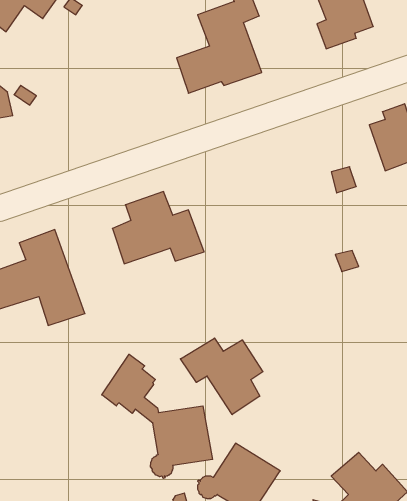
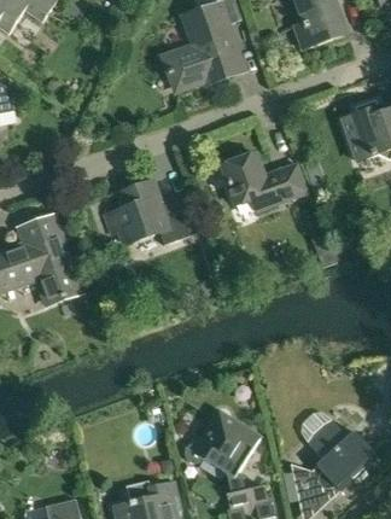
building: none -> [221,152,305,210]
building: [180,338,263,415] -> none
building: [102,354,213,478] -> none

